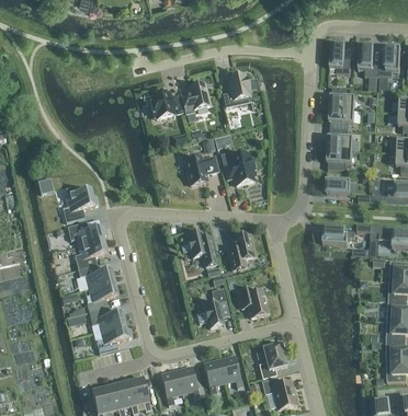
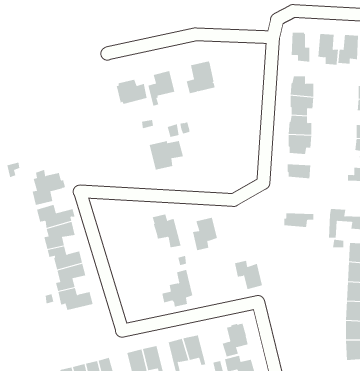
building: [220,151,257,186] -> none
building: [238,287,268,317] -> [234,260,263,290]
building: [95,324,133,354] -> none

